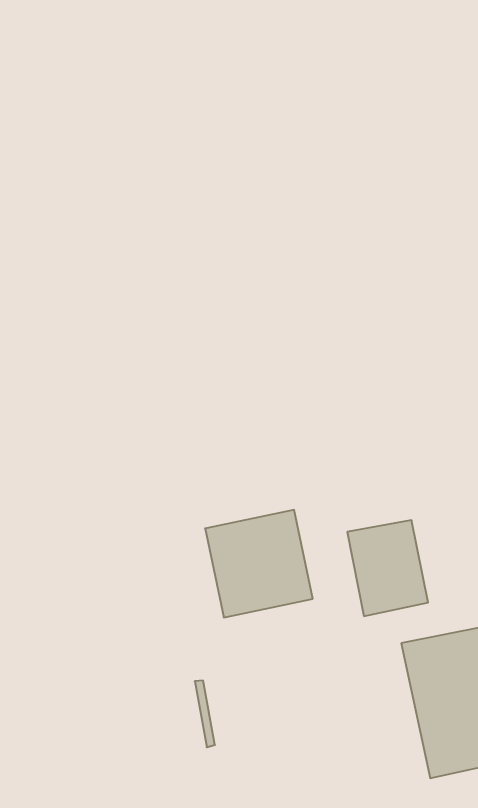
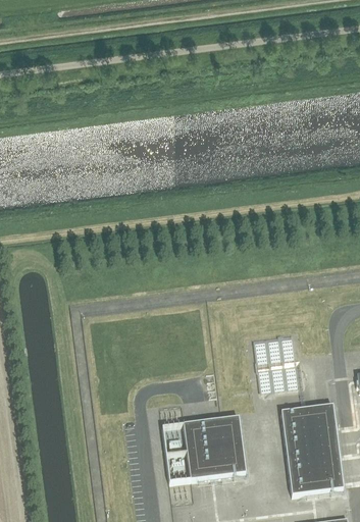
building: [205,510,313,617] -> [183,417,245,479]

